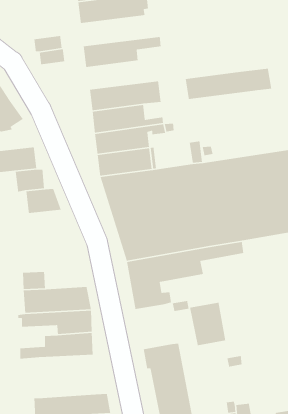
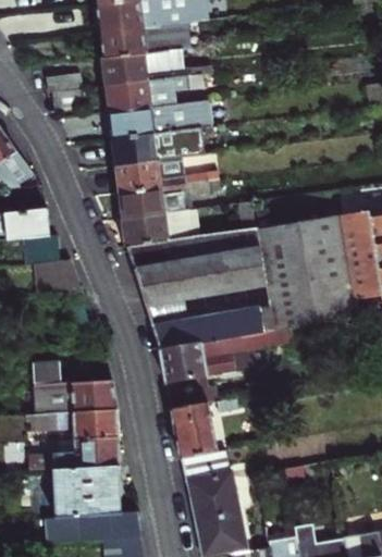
building: none -> [102,48,211,85]
building: [185,68,272,100] -> [109,99,217,138]
building: [189,302,226,346] -> [170,404,215,458]
building: none -> [52,466,121,518]

